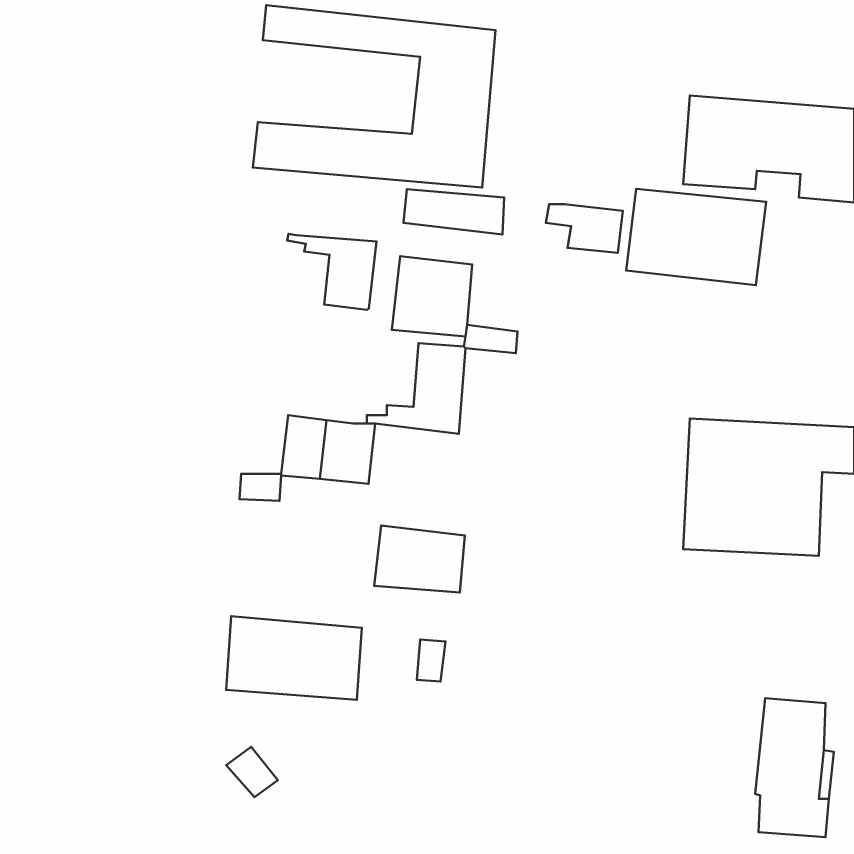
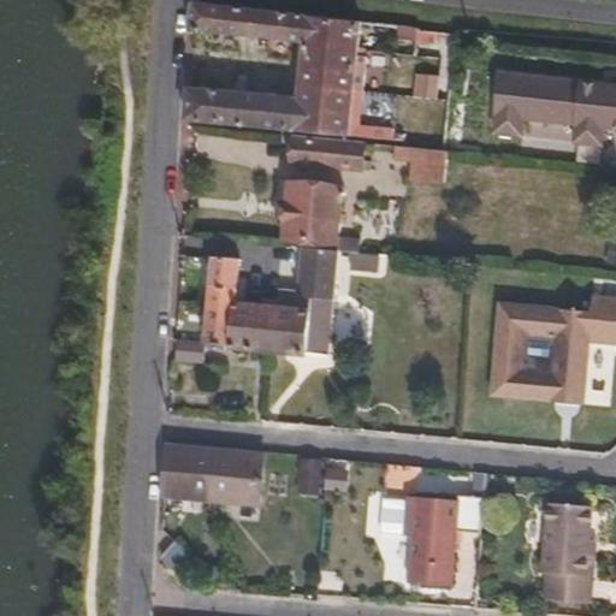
building: [626,189,766,285] -> none
building: [287,234,376,310] -> none
building: none -> [207,255,237,302]
building: [374,525,465,592] -> [265,304,330,353]
building: none -> [405,494,484,586]

